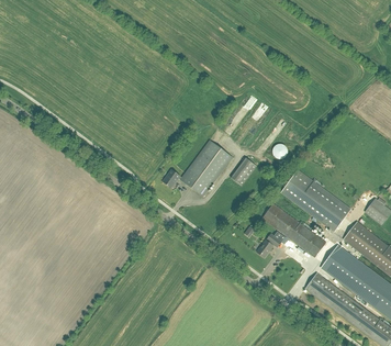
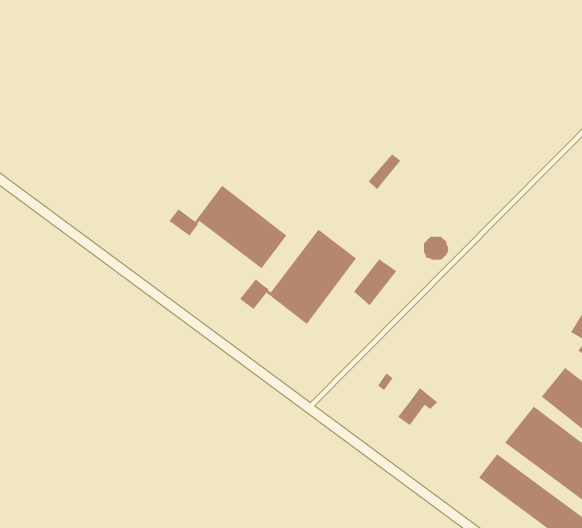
building: none -> [169,185,287,269]
building: [282,169,351,232] -> none
building: [262,203,326,257] -> none

